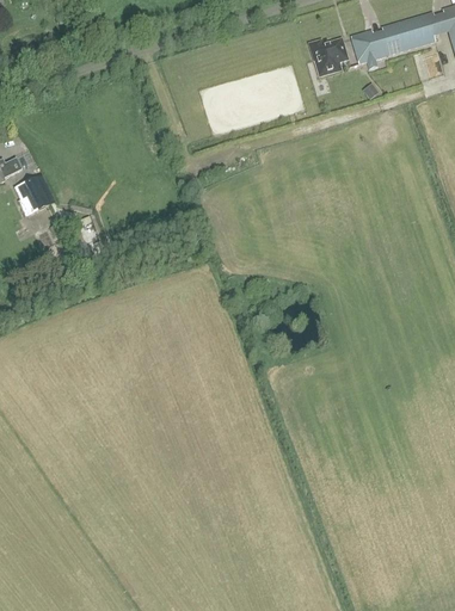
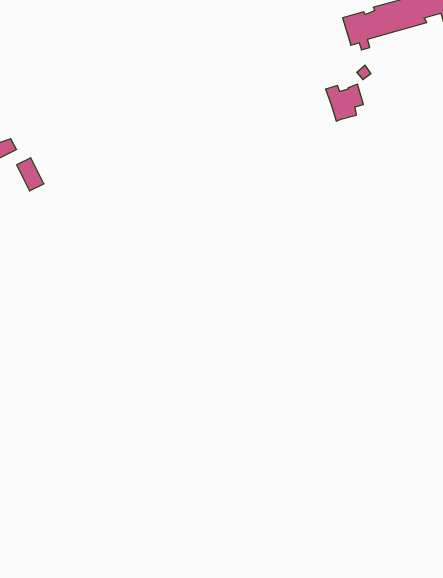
building: [308,39,346,76] -> [326,84,363,121]

